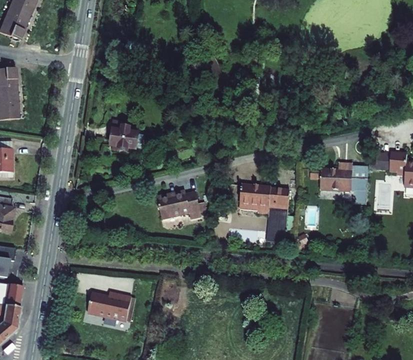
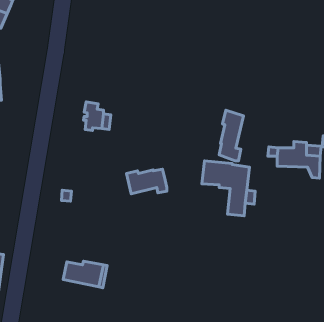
building: none -> [219,110,244,161]

